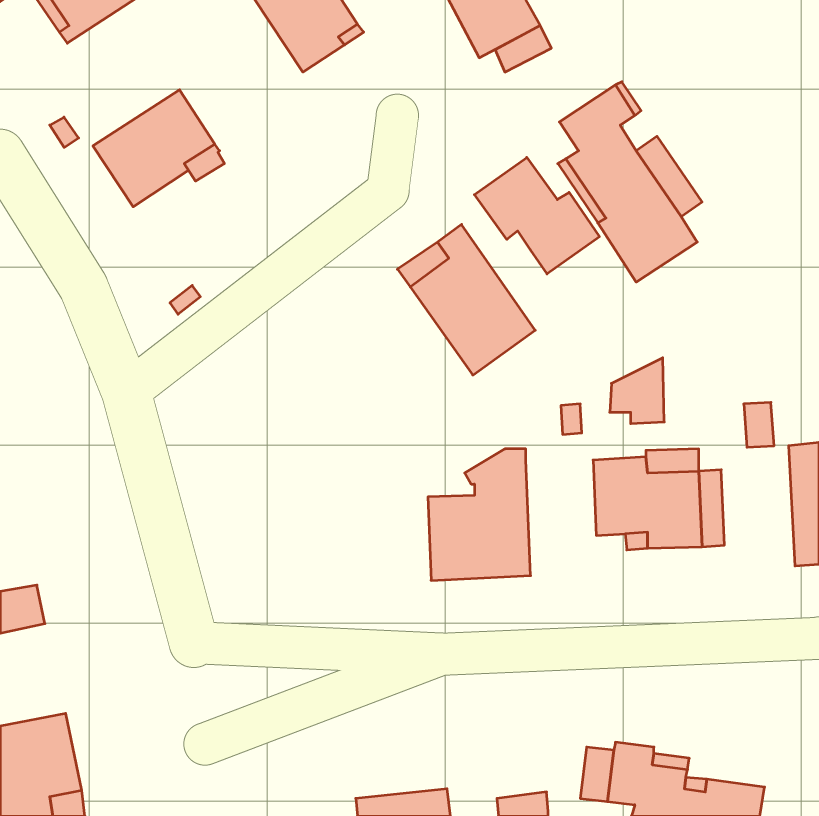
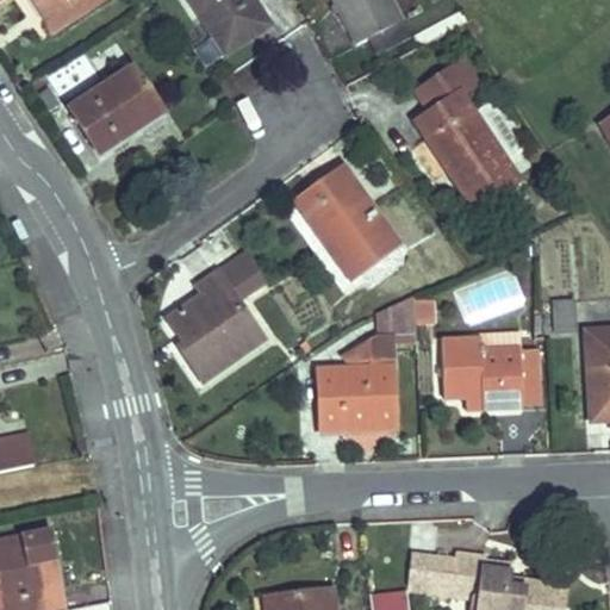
building: [474,157,599,274] -> none
building: none -> [168,256,263,380]
building: [610,358,664,424] -> [375,293,416,342]

